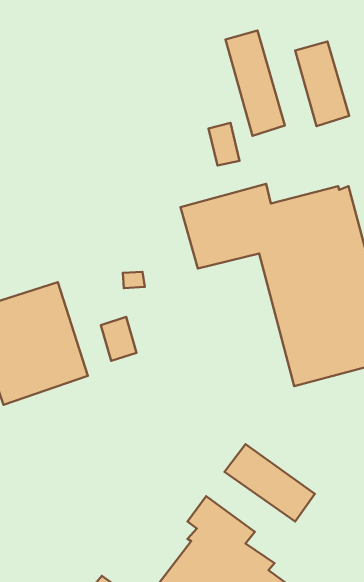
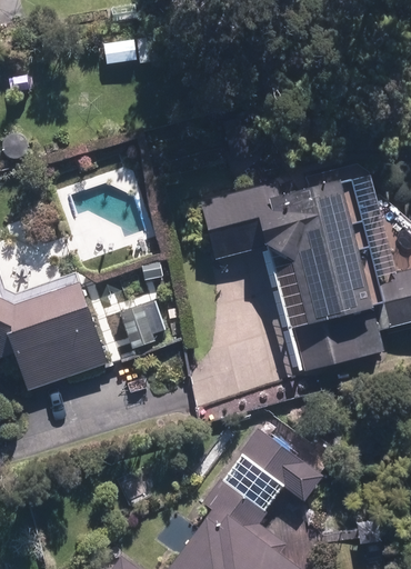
building: [225,30,285,136] -> none
building: [295,41,349,126] -> none

